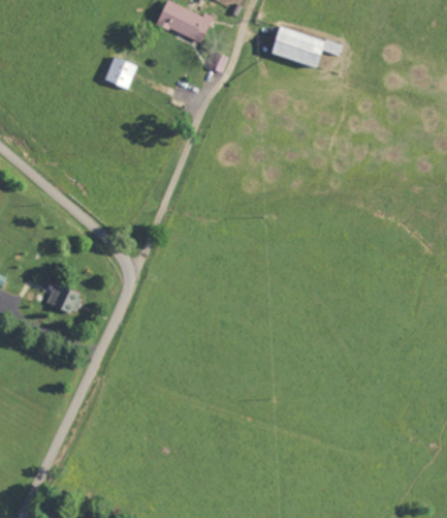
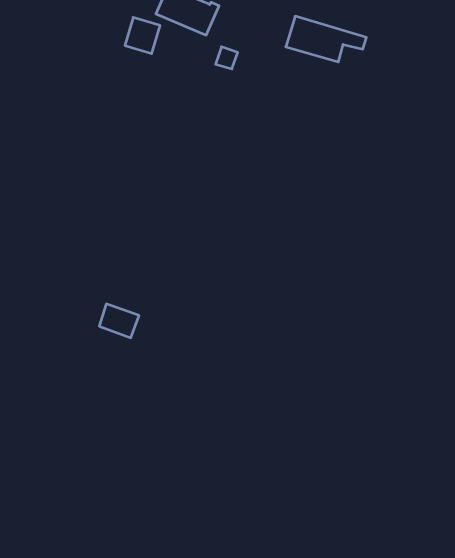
building: [105,57,136,89] -> [125,17,160,54]
building: [47,284,83,314] -> [99,304,139,338]

